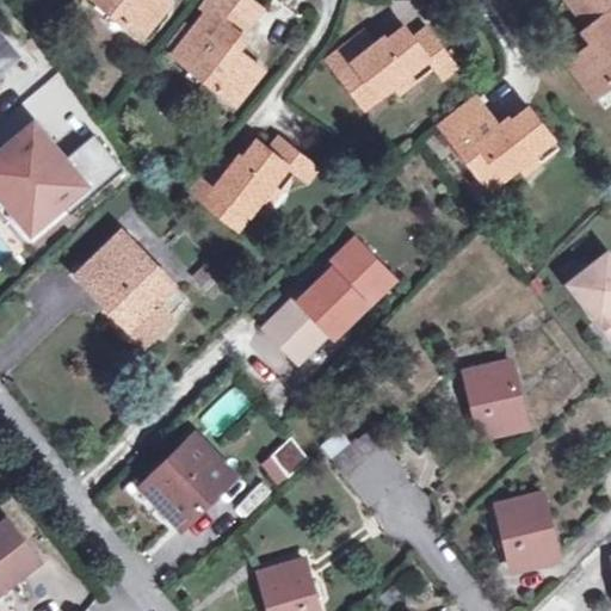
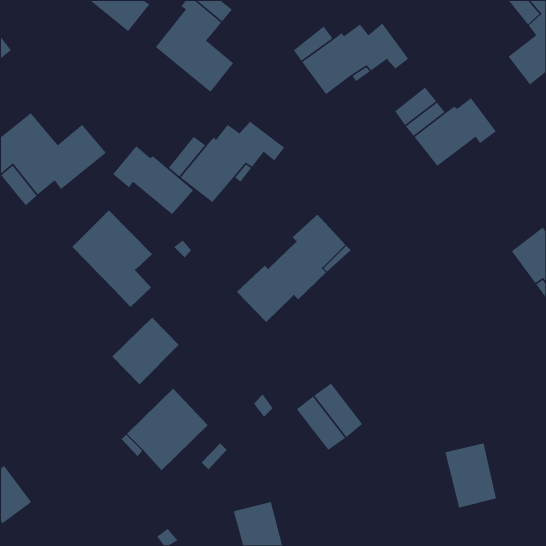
building: none -> [112,145,194,215]
building: none -> [112,317,179,385]
building: [464,362,524,436] -> none

